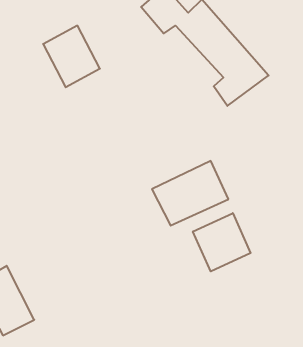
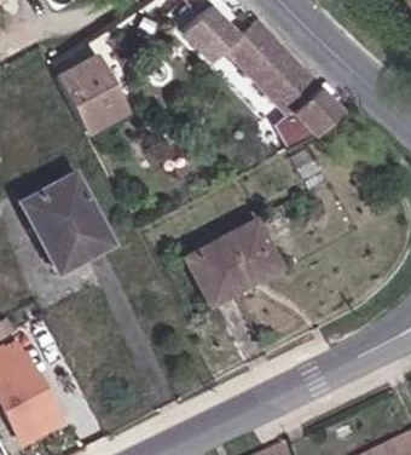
building: none -> [19,165,111,263]
building: [193,213,251,271] -> none

